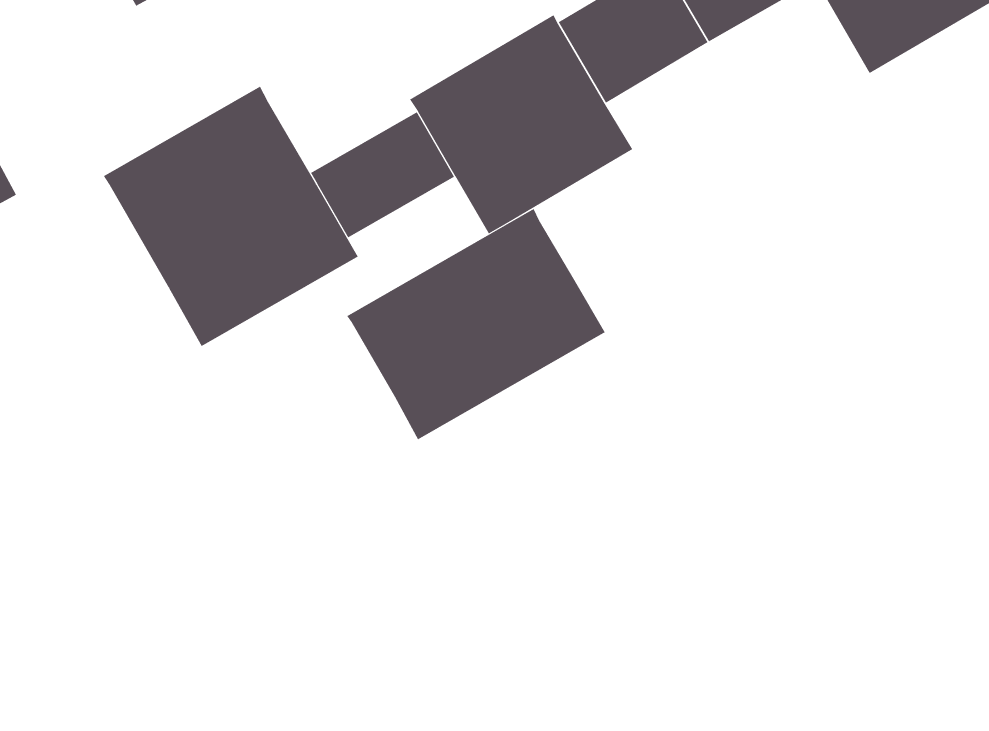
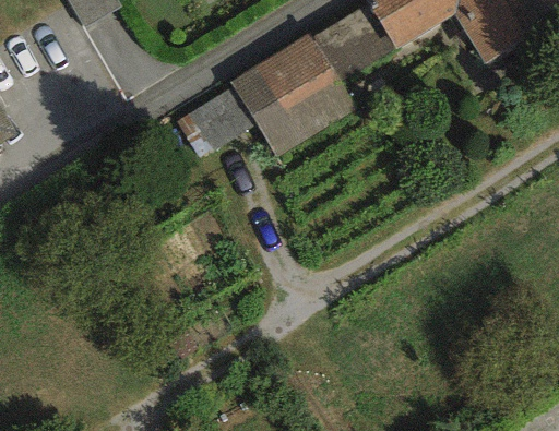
building: [103,86,358,347] -> none
building: [346,208,605,440] -> none

